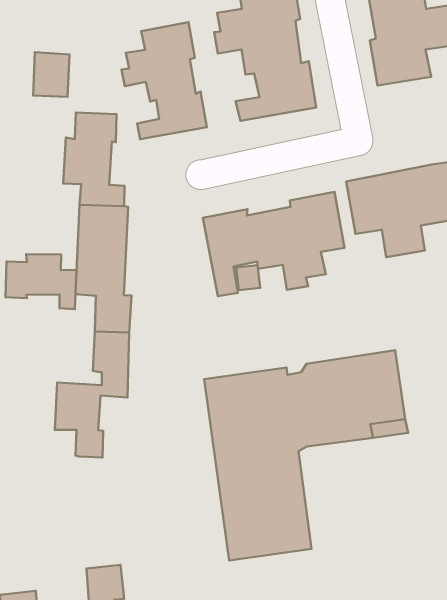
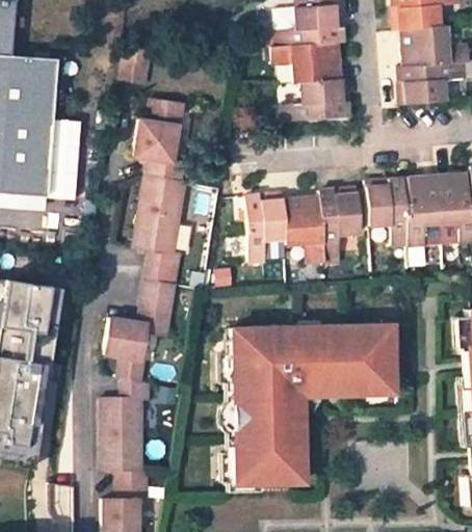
building: [122,22,207,139] -> none
building: [6,254,76,309] -> none
building: none -> [102,380,149,472]

